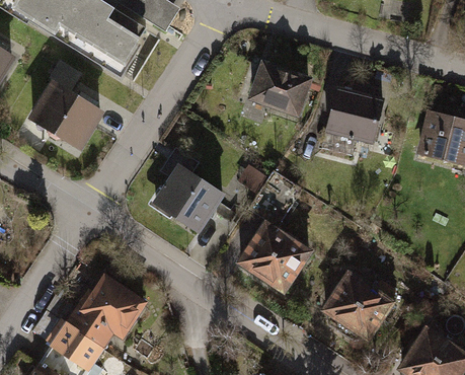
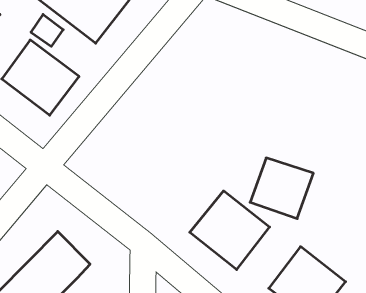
building: [242,65,308,123] -> none
building: [323,95,384,153] -> [250,158,313,219]
building: [152,158,224,228] -> none

